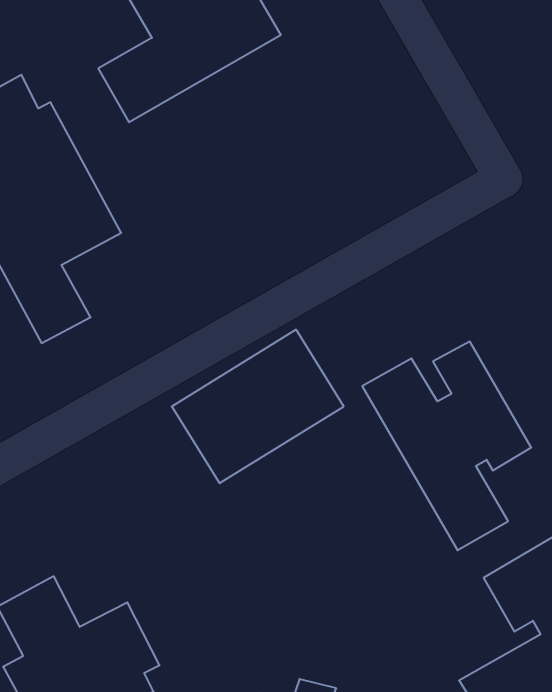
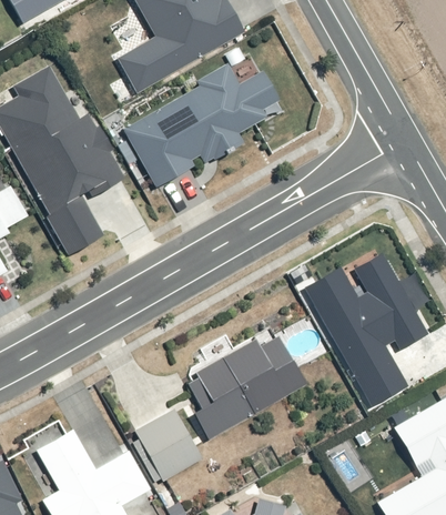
building: none -> [120,67,286,190]
building: [172,330,344,483] -> [183,325,307,436]
building: none -> [134,407,203,479]

